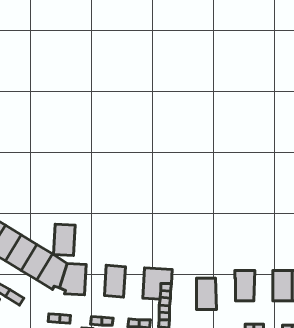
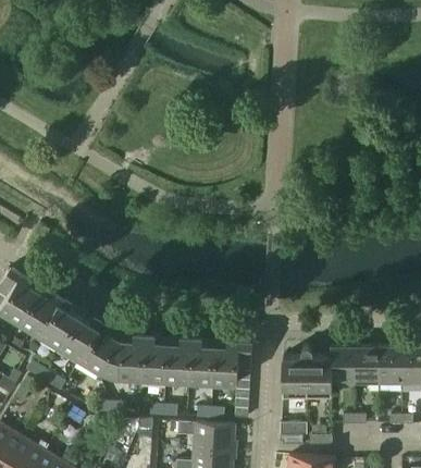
building: [53,224,75,255] -> [143,340,170,379]
building: none -> [191,343,218,382]
building: none -> [355,347,379,385]
building: none -> [307,357,332,396]

